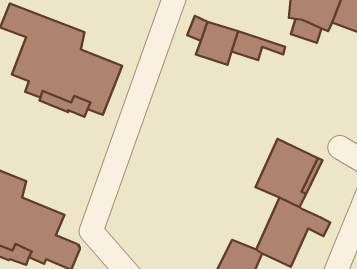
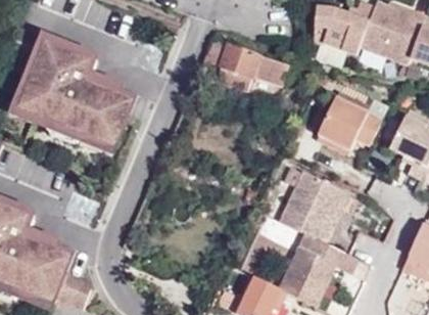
building: none -> [319,97,382,149]

